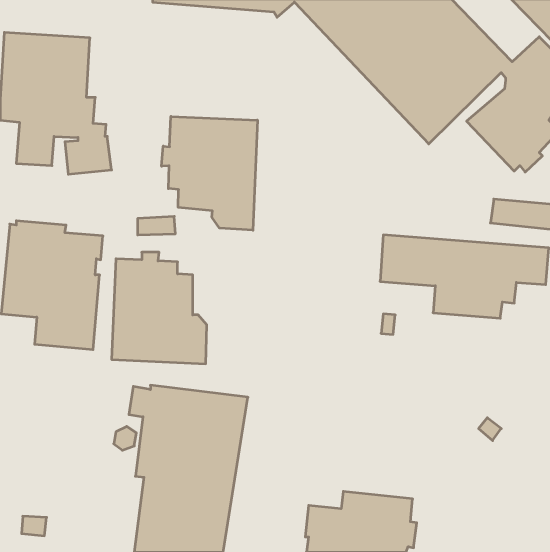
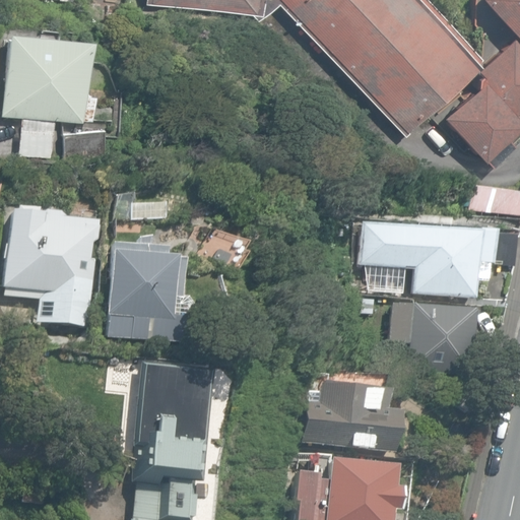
building: [162,116,257,230] -> none
building: none -> [387,301,473,374]
building: none -> [303,383,397,454]

